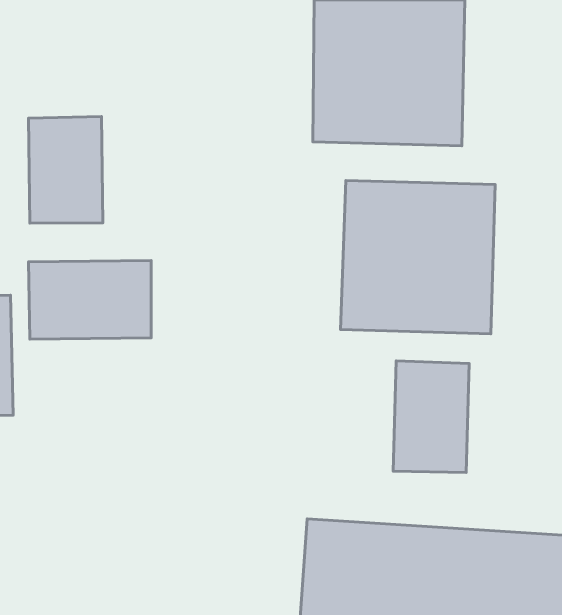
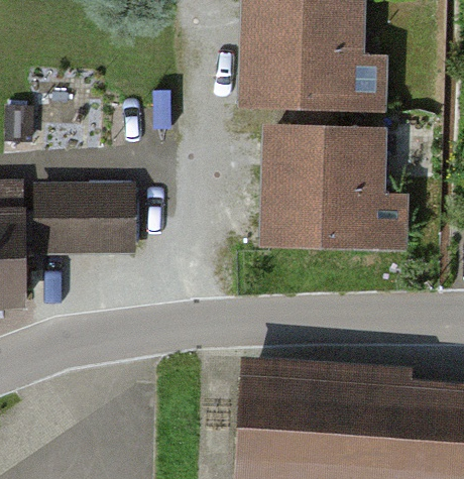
building: [29,117,103,223] -> none
building: [393,361,469,473] -> none

